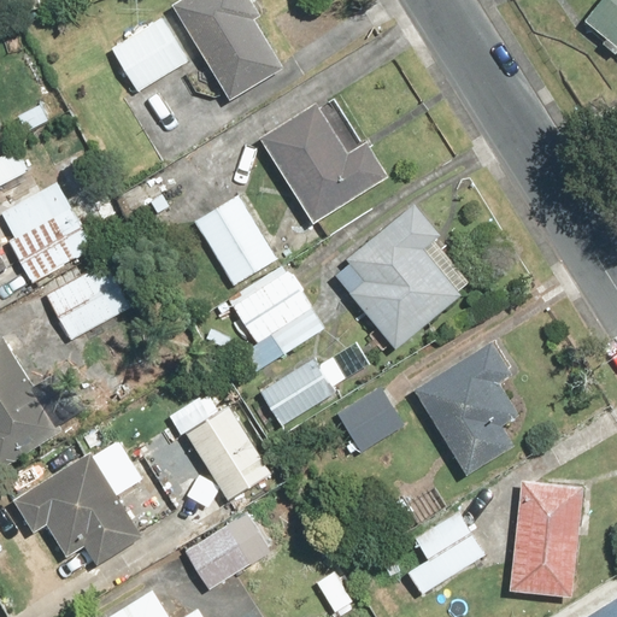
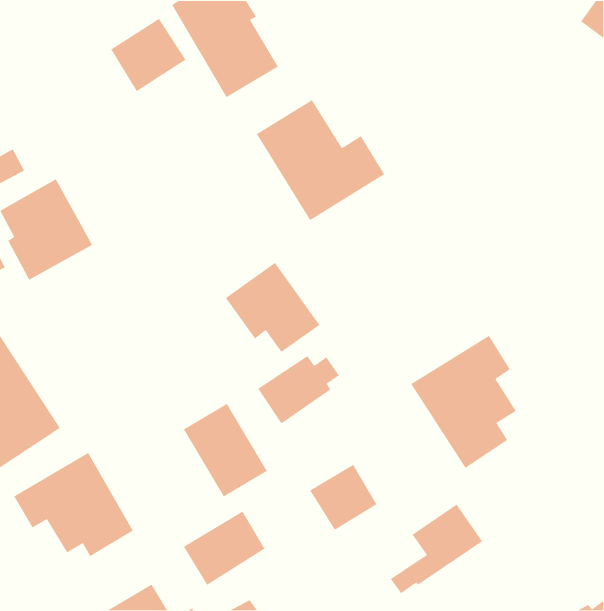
building: [193,196,274,286] -> none
building: [334,205,469,349] -> none
building: [42,259,133,340] -> none
building: [336,386,405,453] -> [309,464,377,531]
building: [513,481,580,592] -> none

